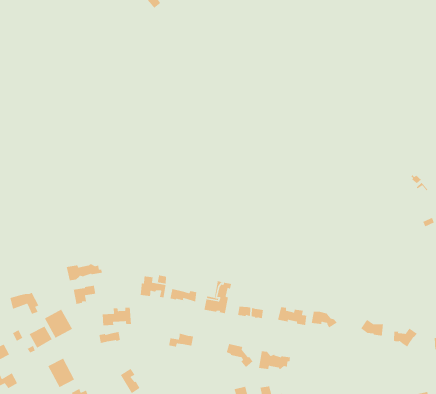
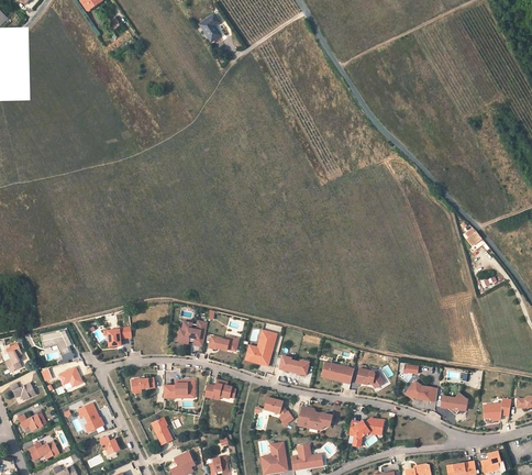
building: [66,263,103,281] -> none
building: [102,307,132,326] -> [163,379,193,398]
building: [44,309,73,339] -> none
building: none -> [348,418,383,446]

